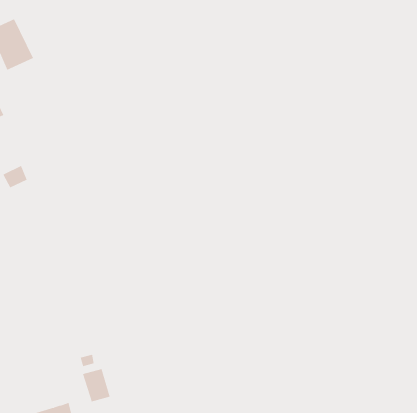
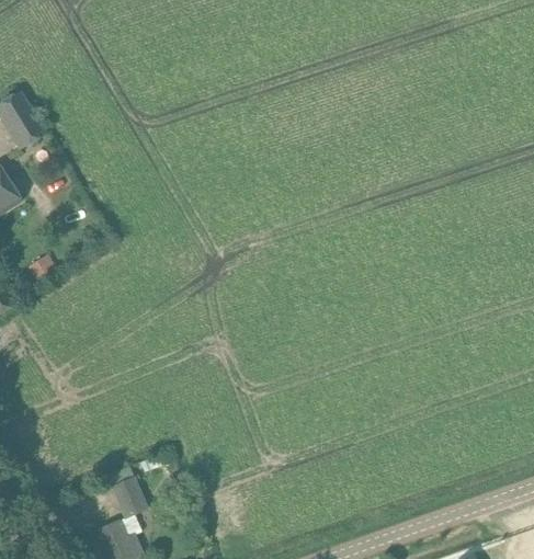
building: [82,368,110,402] -> [112,478,147,517]

